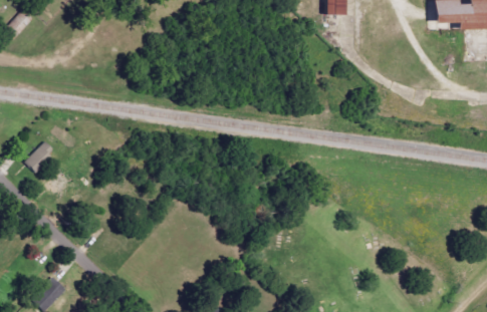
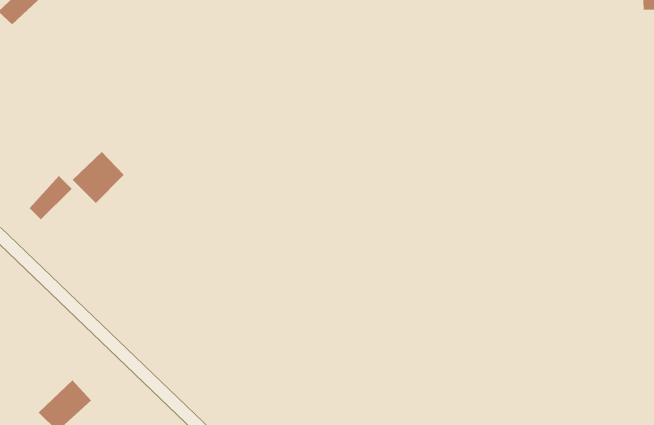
building: none -> [72,151,124,204]

